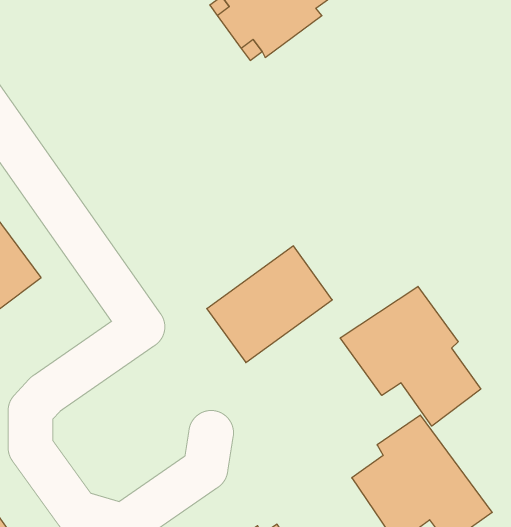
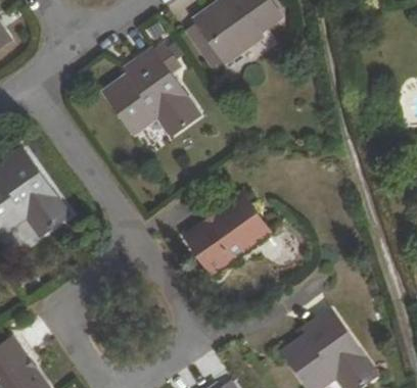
building: none -> [102,47,197,136]
building: [340,286,481,426] -> none

